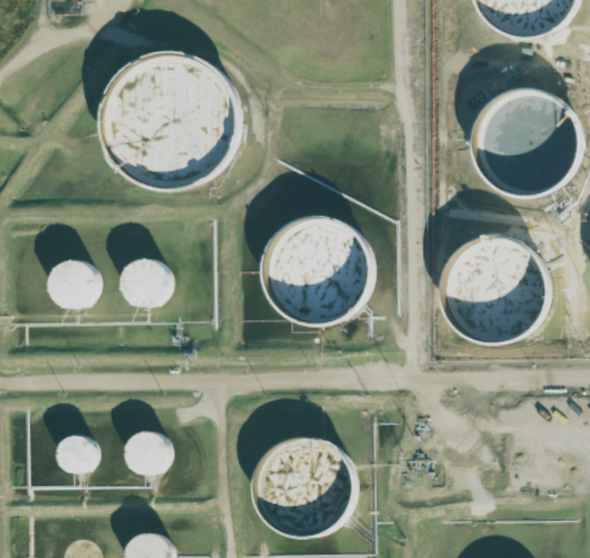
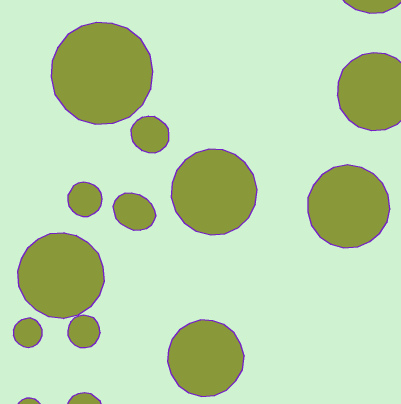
building: none -> [131,116,169,153]
building: [50,258,95,302] -> none
building: none -> [113,193,156,230]
building: none -> [18,233,104,319]

